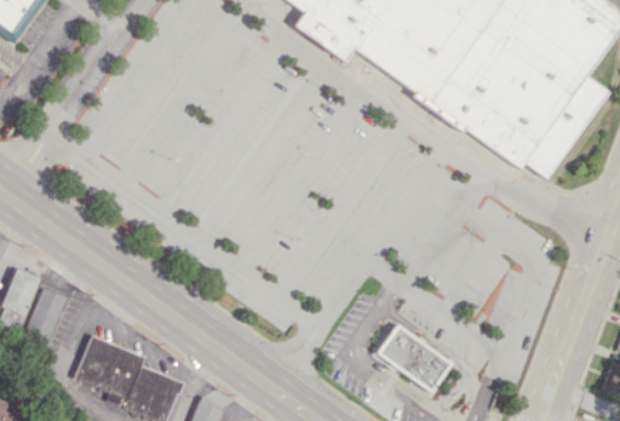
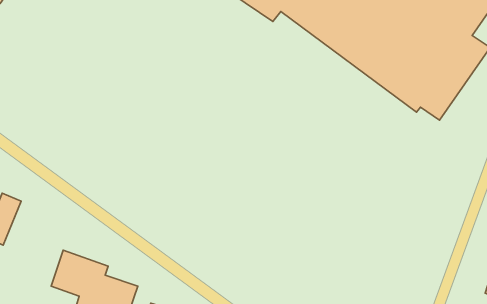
building: [25,287,67,341] -> none
building: [373,319,454,394] -> none

